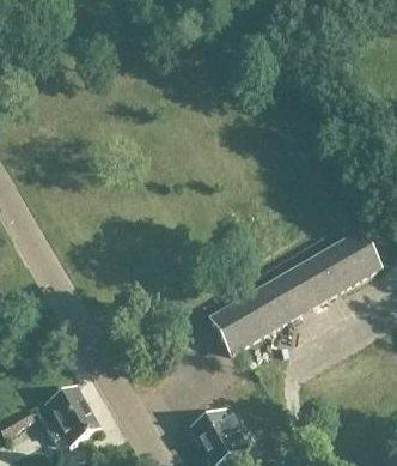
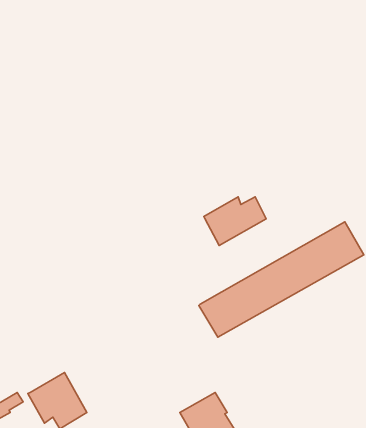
building: none -> [204,197,266,246]

